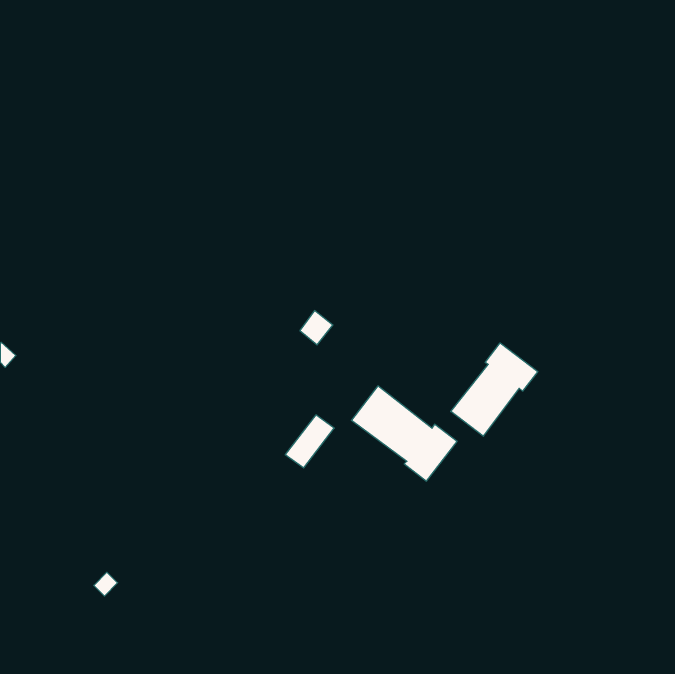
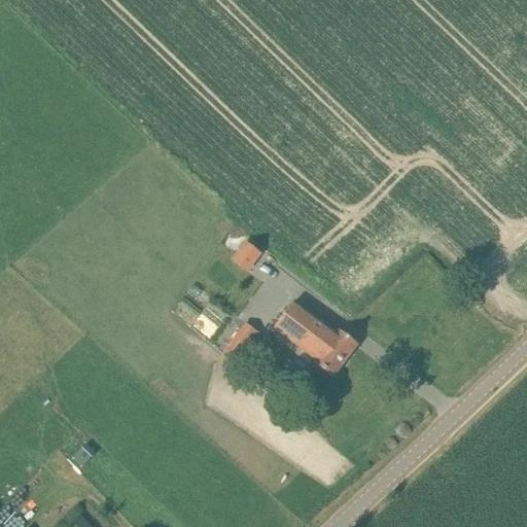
building: [451,343,538,436] -> none

